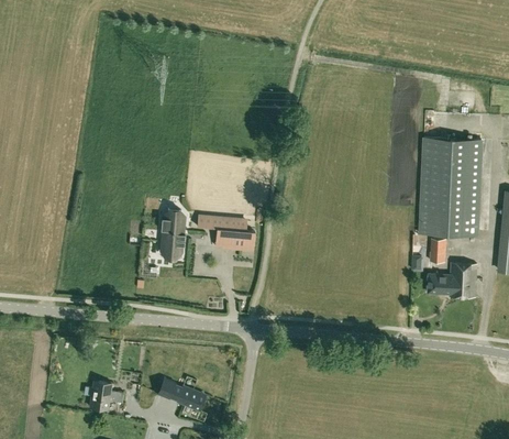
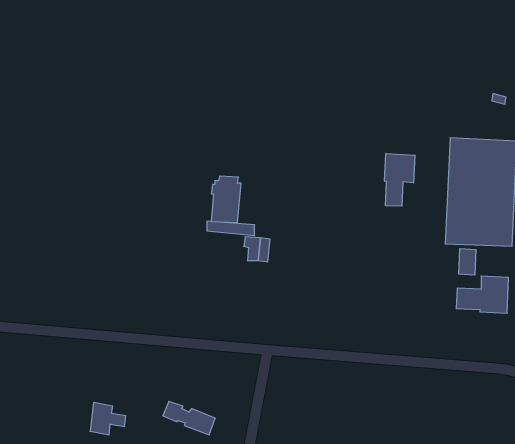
building: none -> [385,153,415,206]
building: [157,210,185,253] -> [211,176,241,223]

